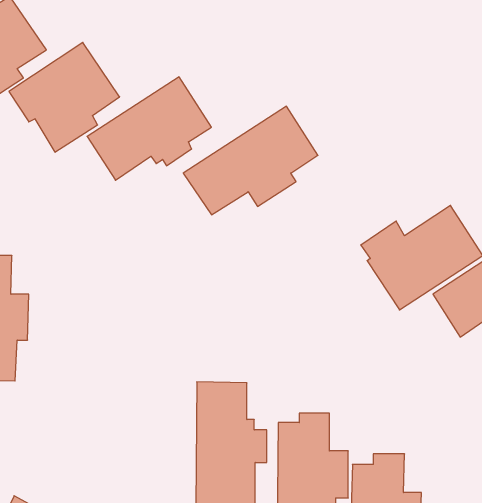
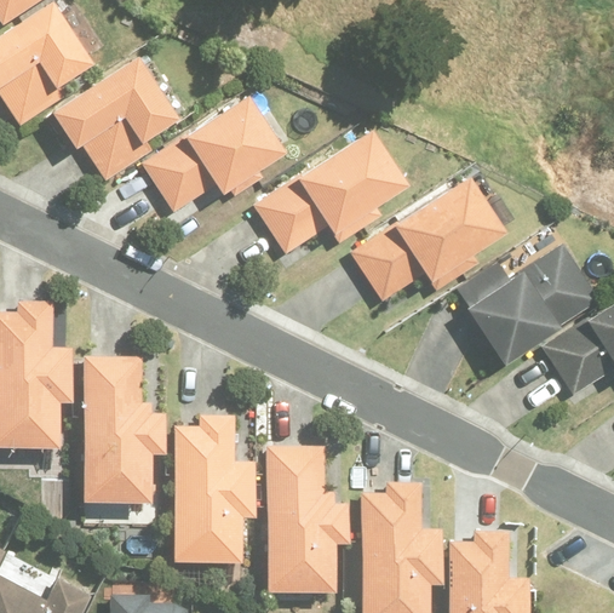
building: none -> [349,172,507,302]
building: none -> [82,357,165,502]
building: none -> [174,416,257,561]

